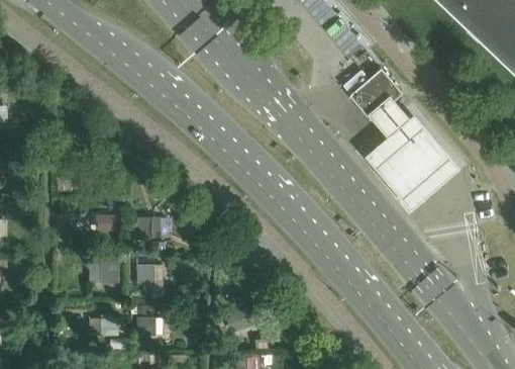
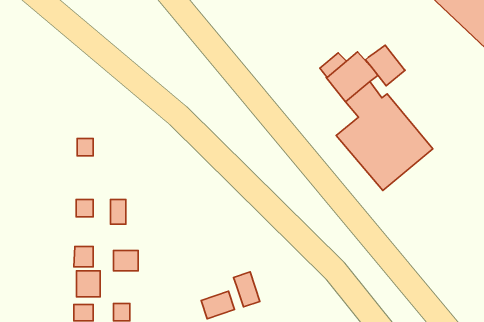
building: none -> [365,45,405,86]
building: none -> [76,271,100,297]
building: none -> [234,272,260,307]

